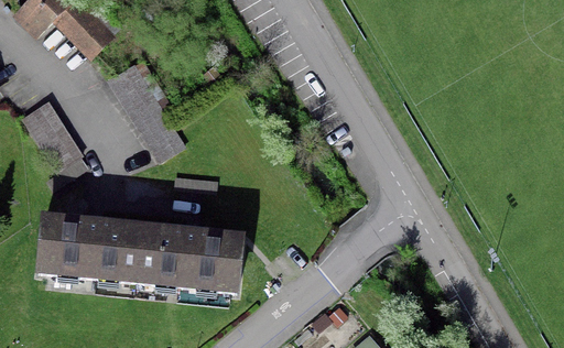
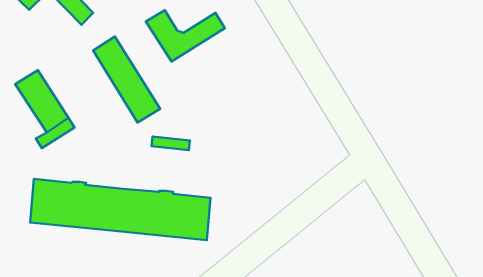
building: none -> [146,10,225,62]

